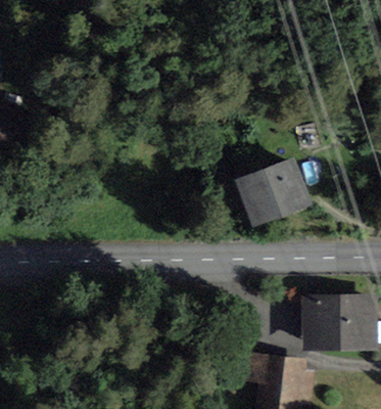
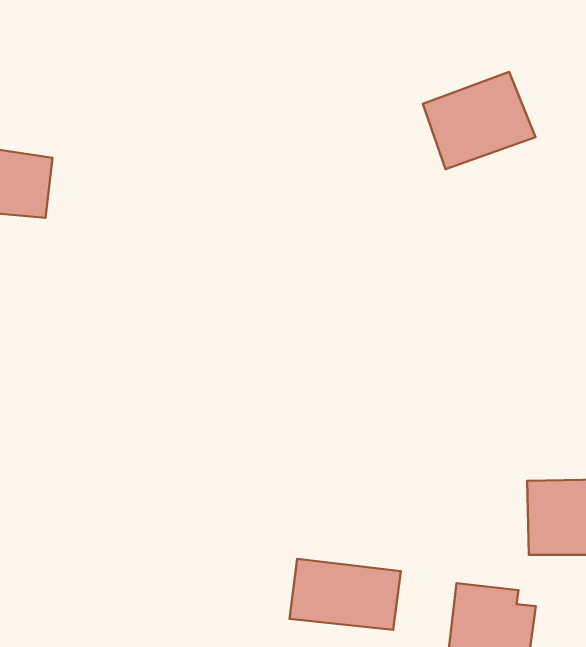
building: [241,163,306,219] -> [423,72,536,169]
building: none -> [289,559,401,630]

